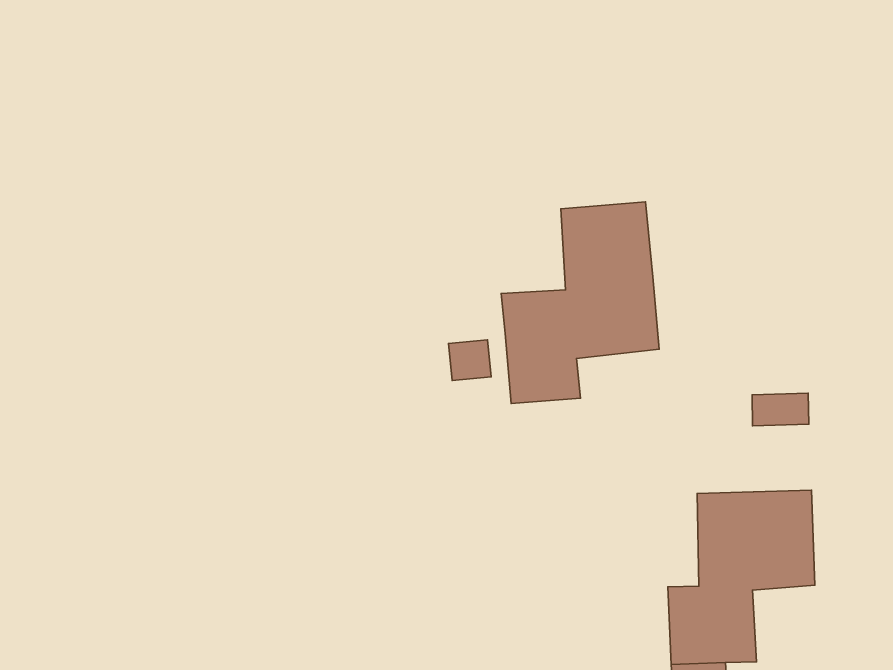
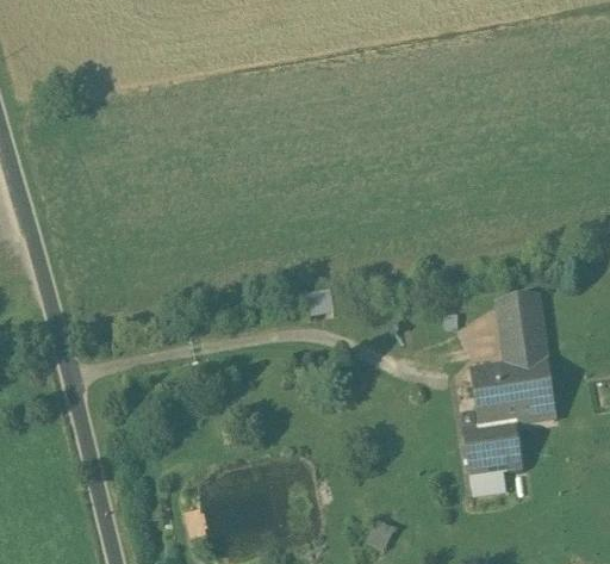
building: [501,202,659,403] -> none
building: none -> [504,316,544,361]

